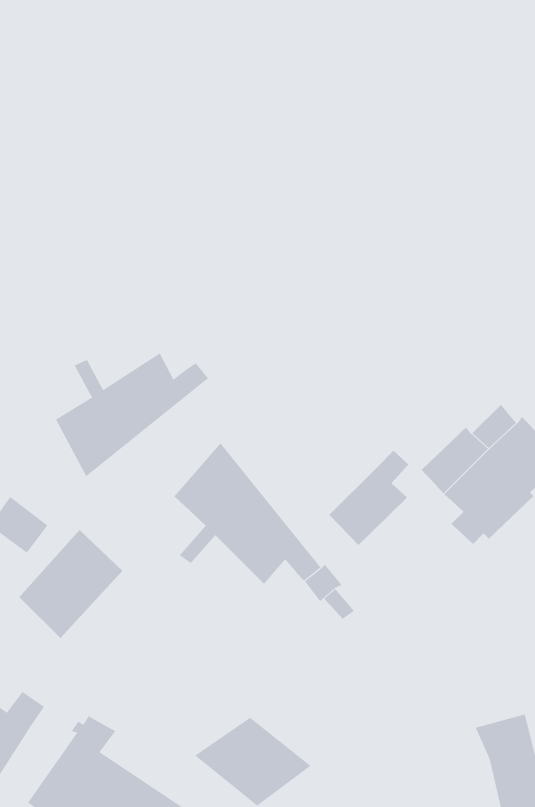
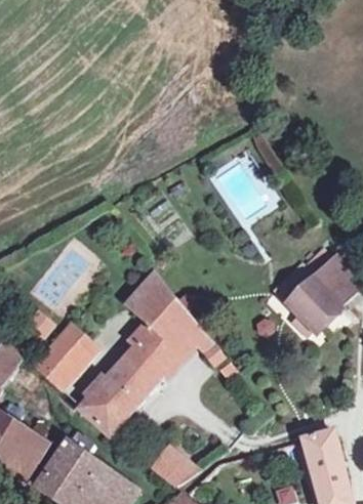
building: [55,352,209,477] -> none
building: [329,450,409,546] -> none
building: none -> [79,329,180,437]

